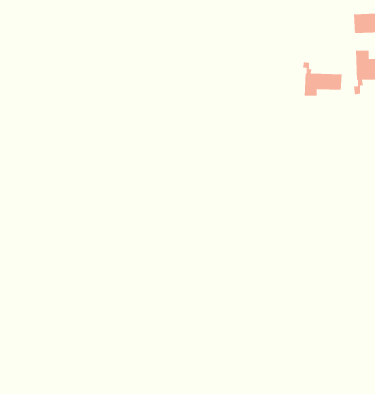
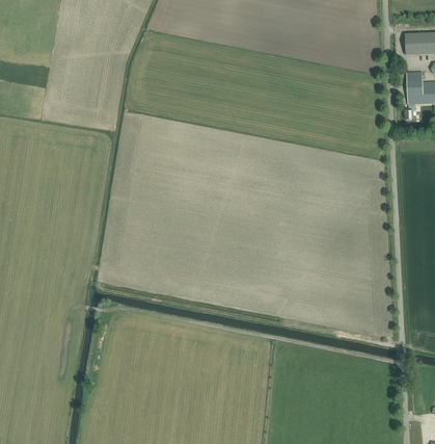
building: [303,61,342,97] -> none

